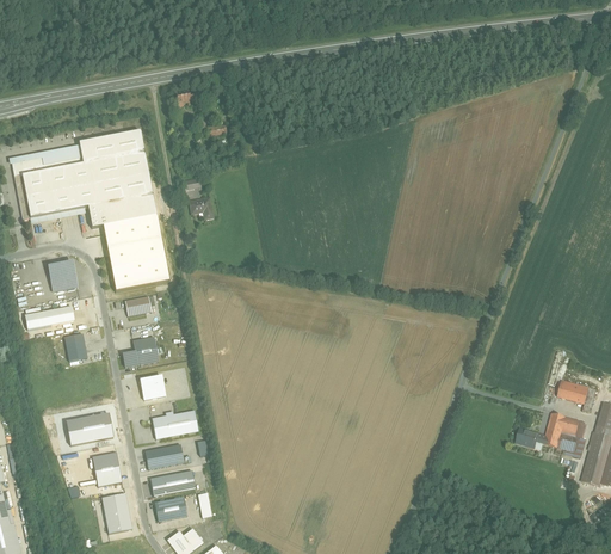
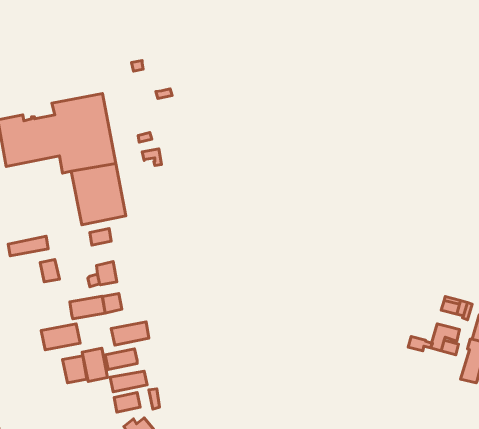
building: [47,261,78,290] -> none
building: none -> [70,296,105,319]
building: [101,492,132,533] -> [82,348,108,381]

